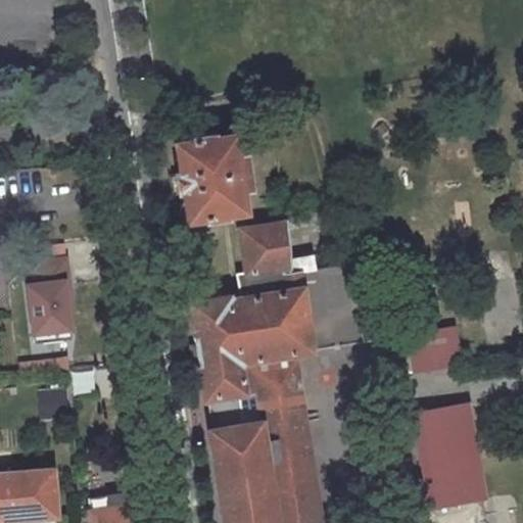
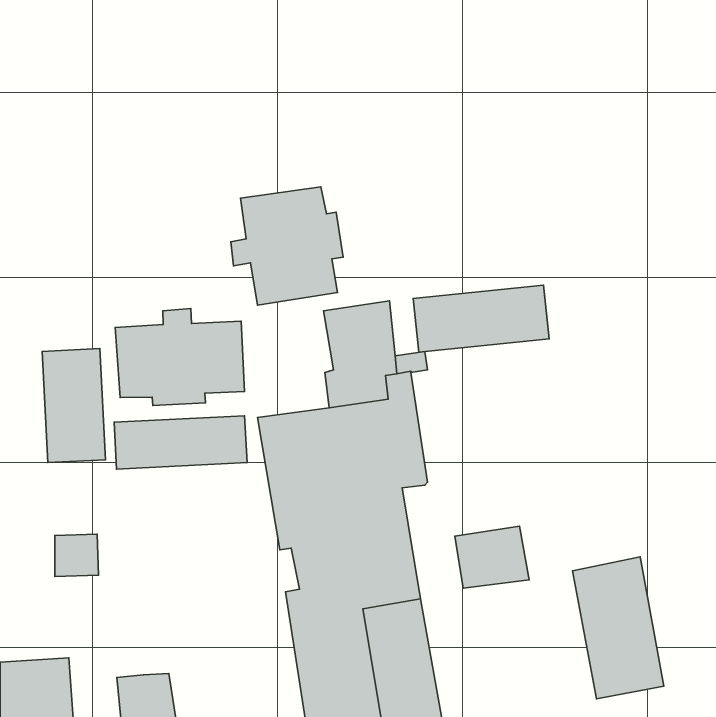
building: none -> [413,285,549,352]
building: none -> [115,309,245,406]
building: none -> [114,416,247,469]
building: [406,328,460,373] -> [455,526,529,588]

